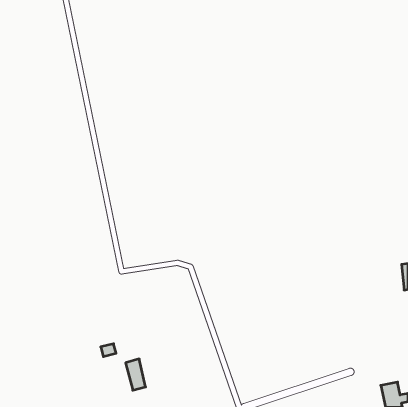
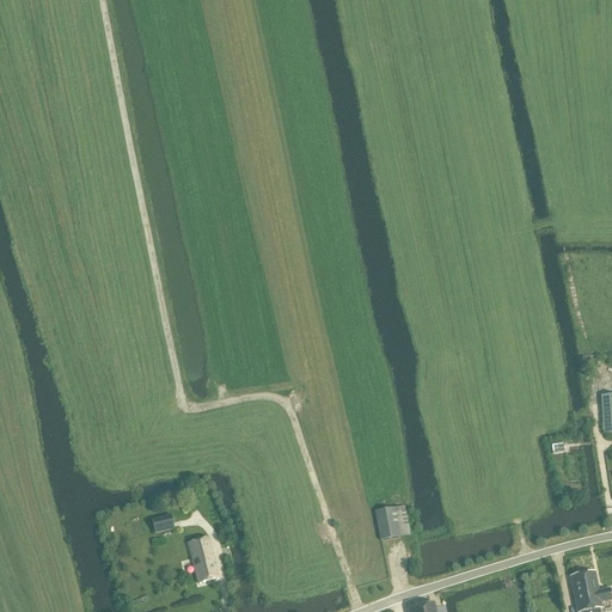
building: none -> [374,504,409,538]

